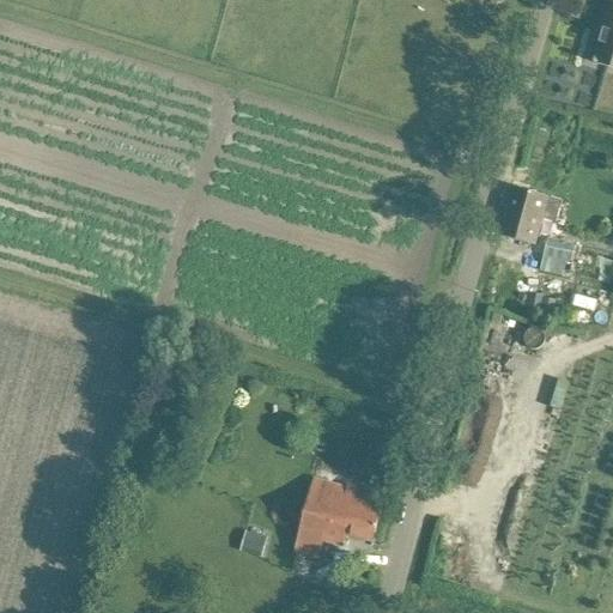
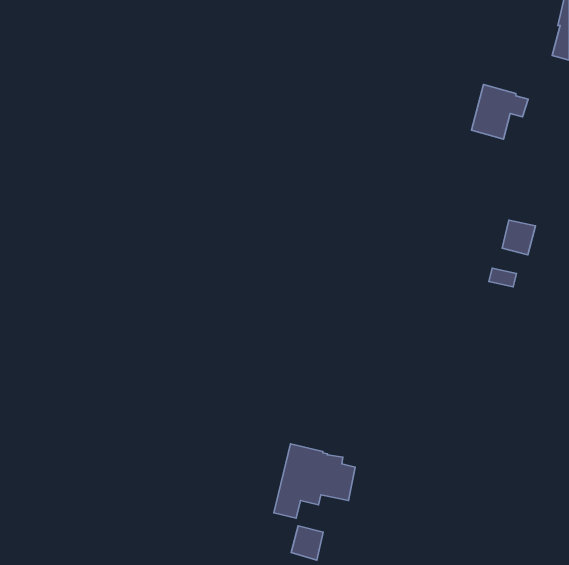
building: [500,184,562,243] -> [471,85,528,139]
building: none -> [291,526,323,560]

